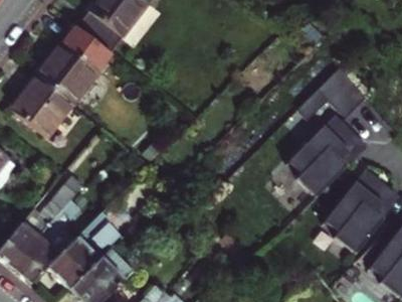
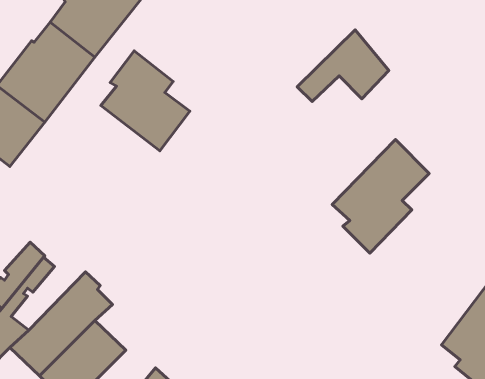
building: none -> [101,51,190,151]
building: [296,66,365,120] -> [297,30,389,102]
building: [324,169,394,255] -> none

